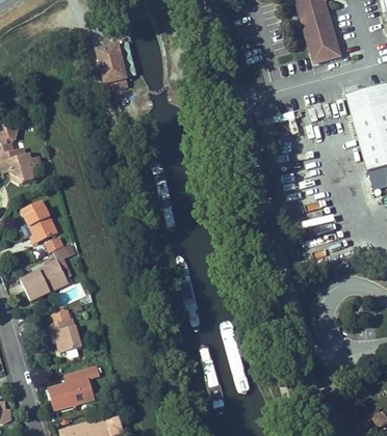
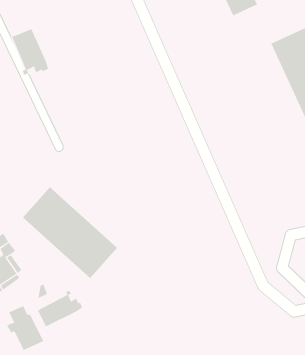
building: none -> [22,186,118,279]
building: none -> [37,290,83,327]

